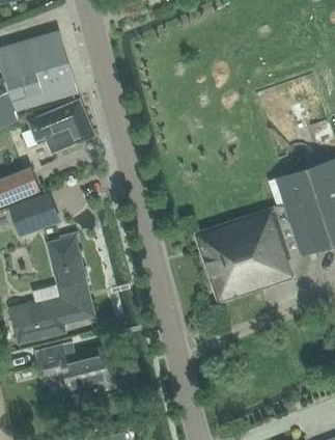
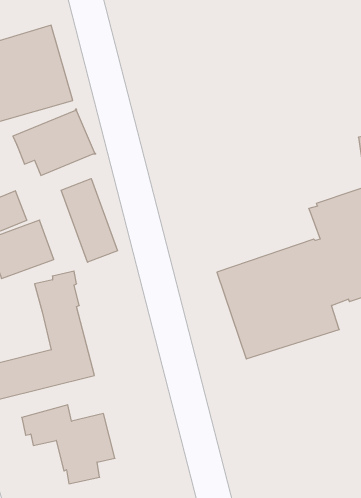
building: none -> [61,179,118,262]

